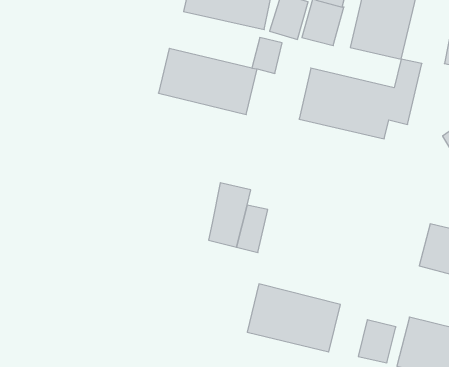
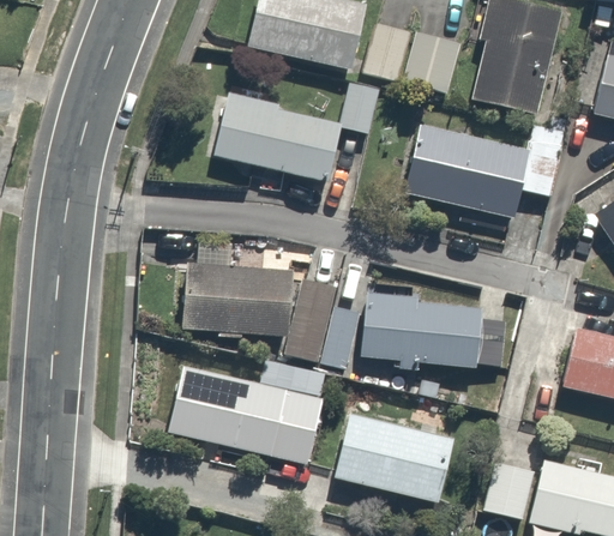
building: none -> [183,270,296,330]
building: none -> [360,294,507,369]
building: none -> [168,365,326,463]

